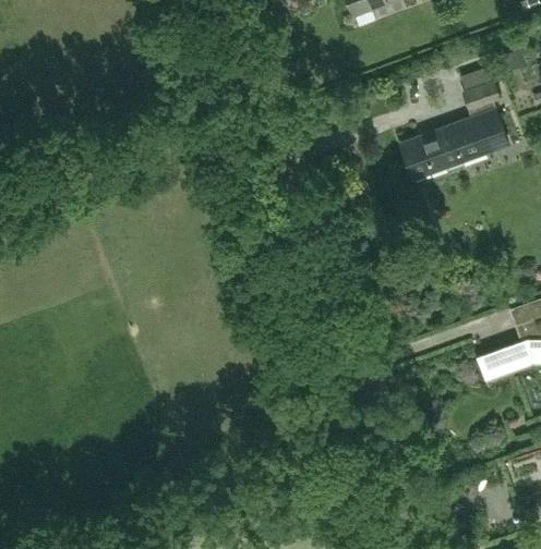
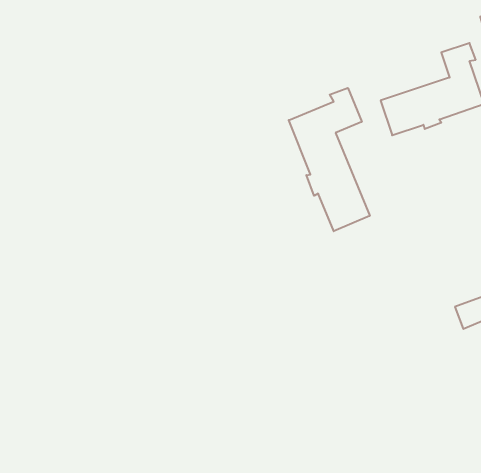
building: none -> [289,88,370,231]

